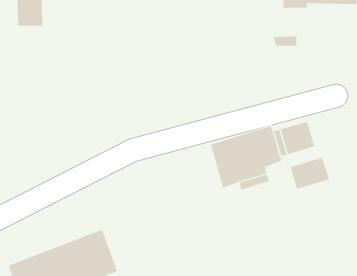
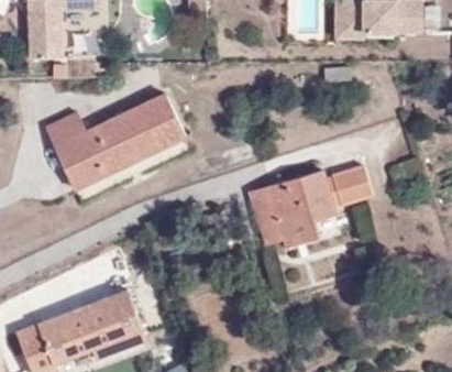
building: none -> [46,95,186,188]
building: [290,157,330,190] -> none

